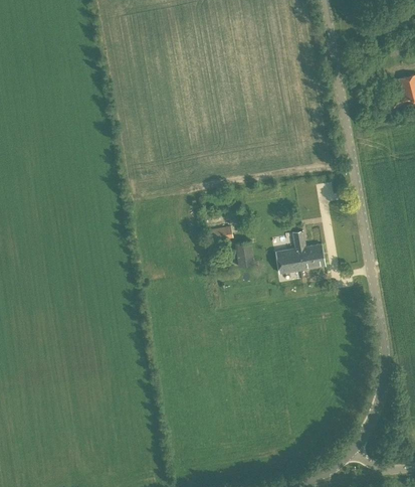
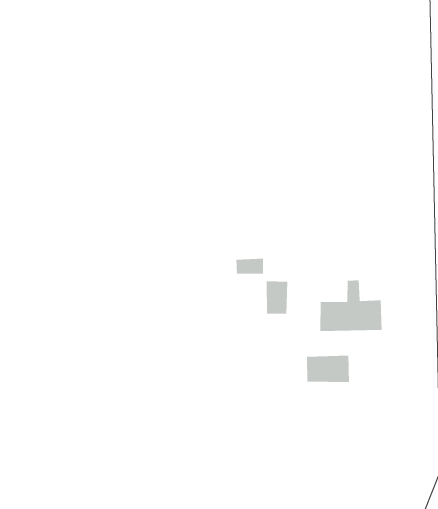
building: none -> [306,355,350,383]

